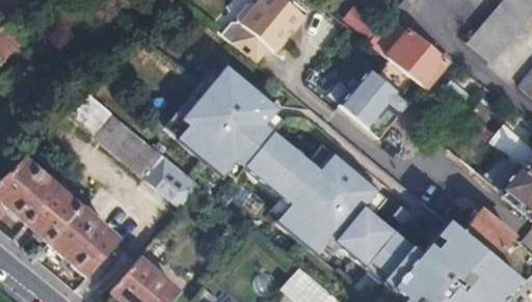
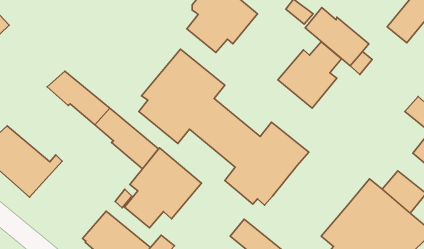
building: none -> [125,148,201,228]
building: [35,198,118,289] -> none
building: [334,203,421,286] -> none

